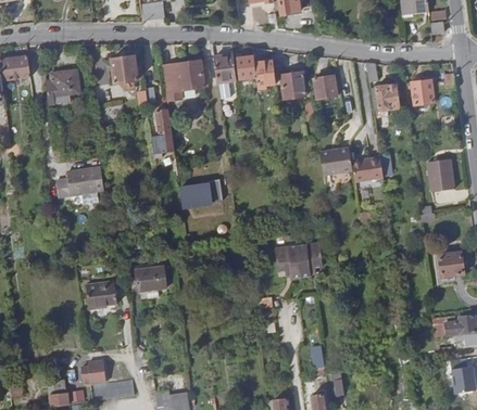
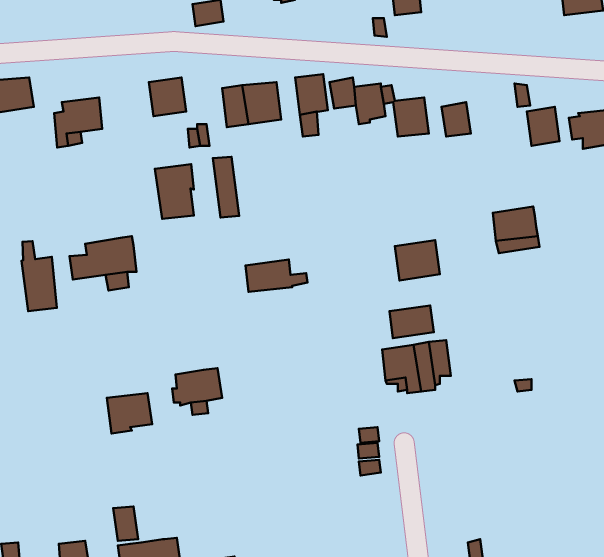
building: none -> [155,164,194,219]
building: [319,146,351,175] -> [395,240,440,281]
building: none -> [22,241,57,311]
building: none -> [389,305,434,338]

